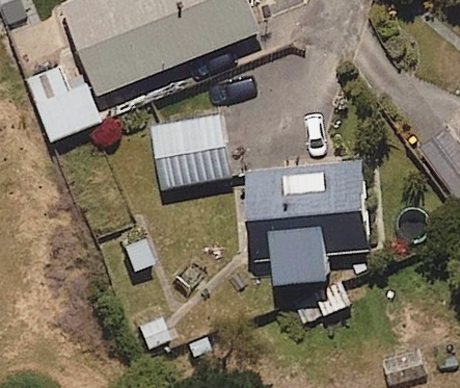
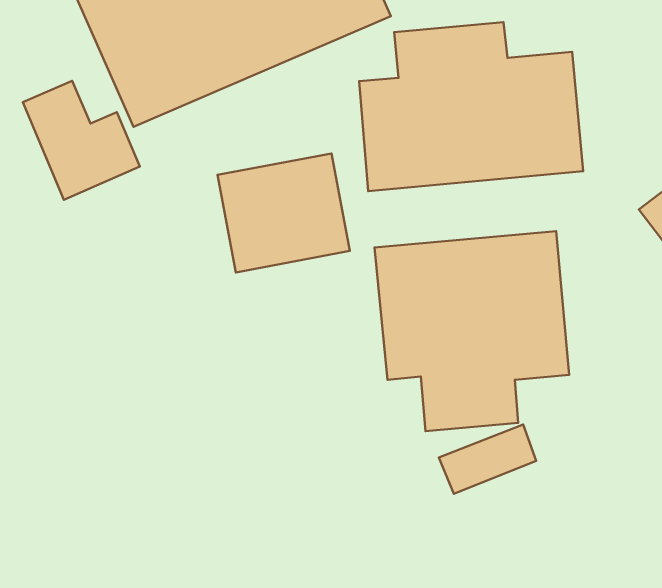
building: none -> [359,22,583,191]

